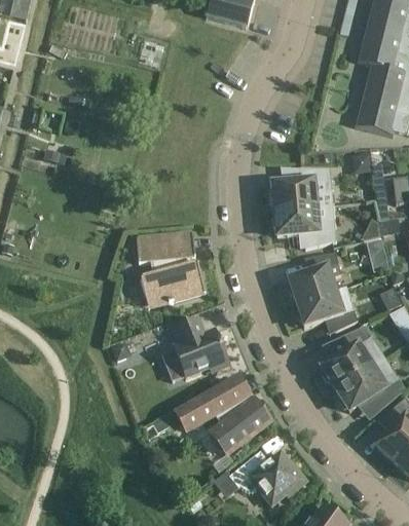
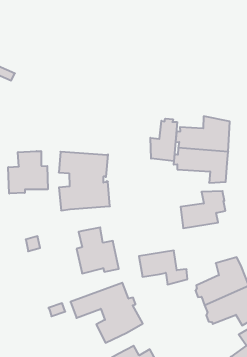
building: none -> [150,119,177,161]
building: none -> [8,151,48,194]
building: [295,290,357,331] -> [139,251,187,284]

